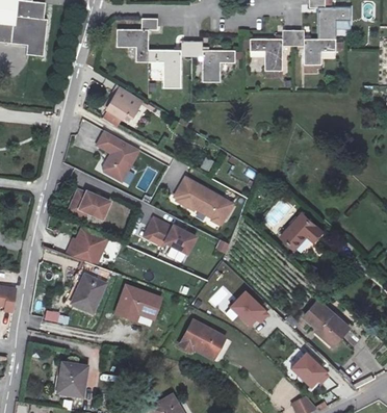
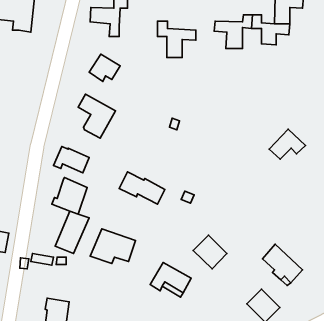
building: [144,45,187,92] -> none
building: [174,176,232,221] -> none
building: [282,213,324,248] -> [269,129,306,159]

